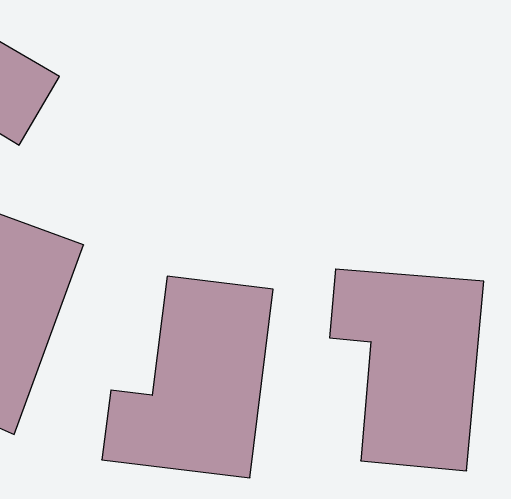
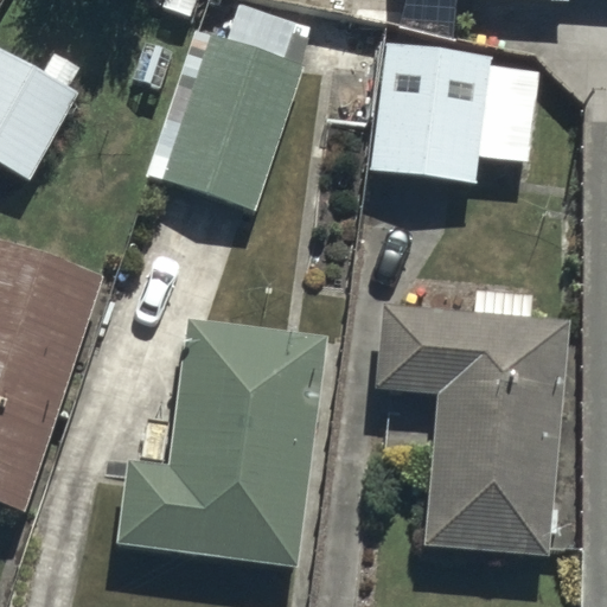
building: none -> [165,9,306,206]
building: none -> [372,50,536,181]

